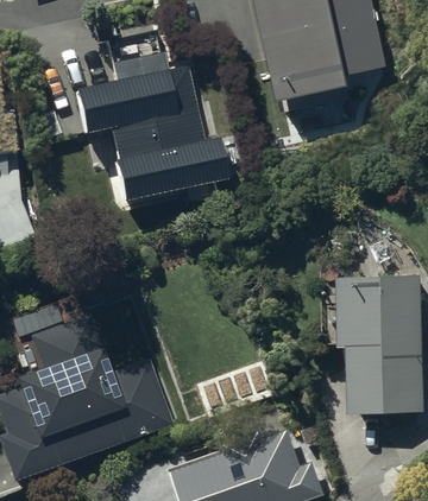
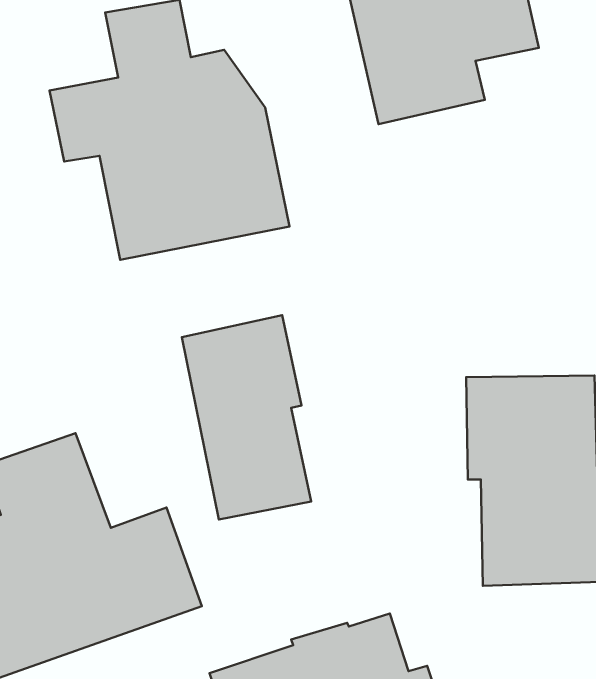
building: none -> [182,315,311,520]

